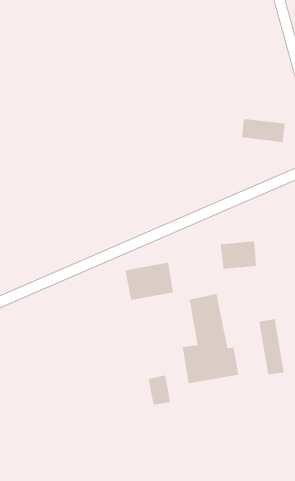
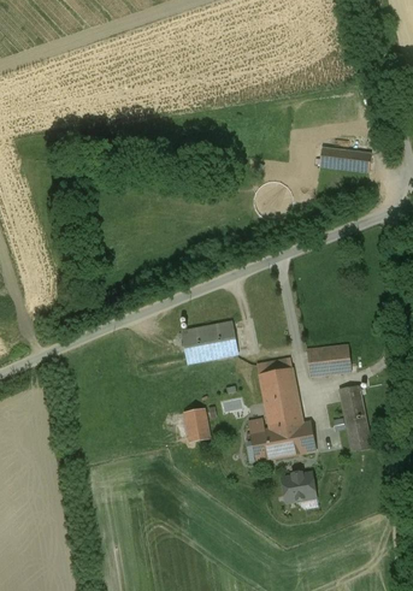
building: [220,241,257,269] -> [305,343,349,377]
building: [148,375,171,405] -> [182,406,210,442]
building: none -> [279,469,317,506]

